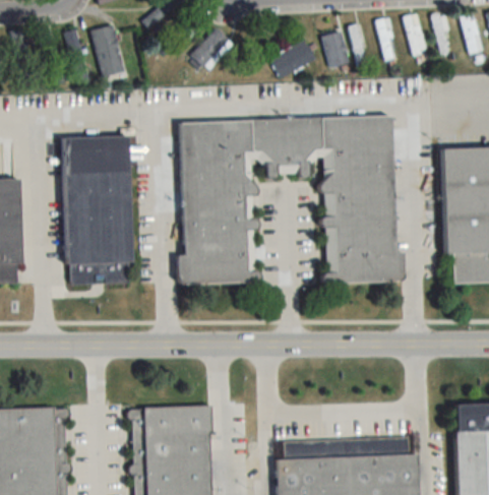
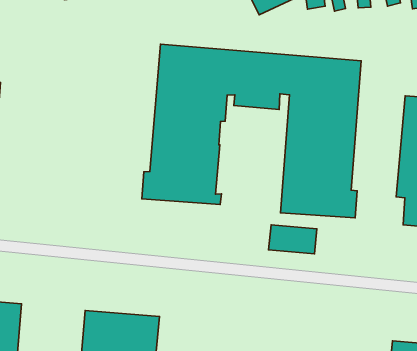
building: [63,135,132,285] -> none
building: none -> [269,225,317,254]

